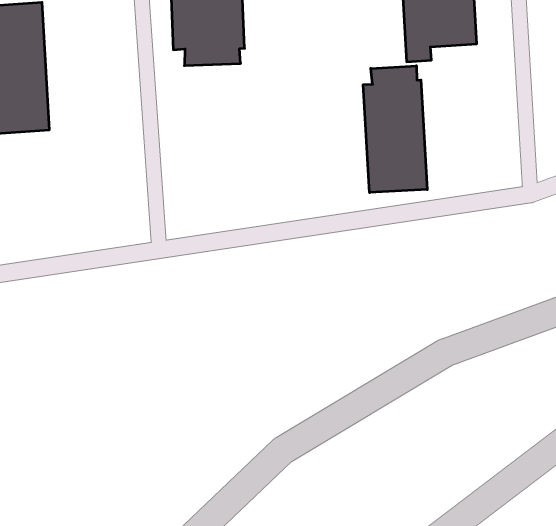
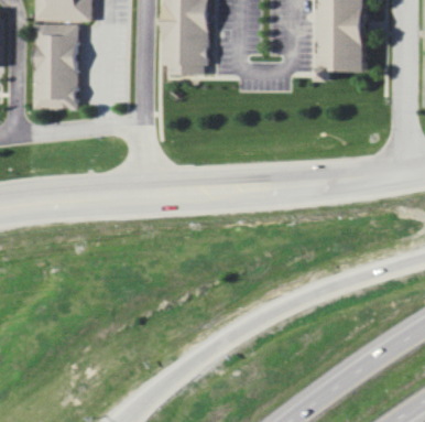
building: [363,66,427,193] -> none

